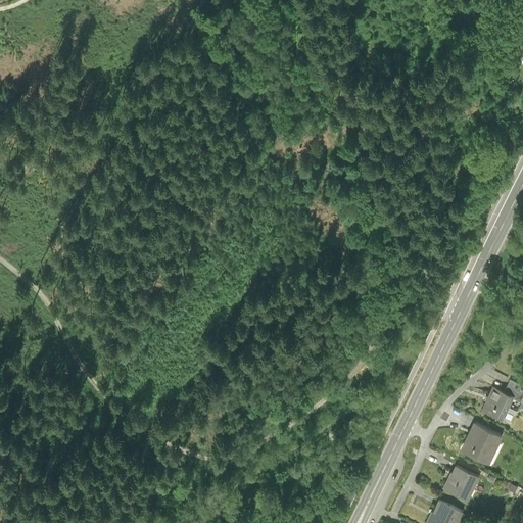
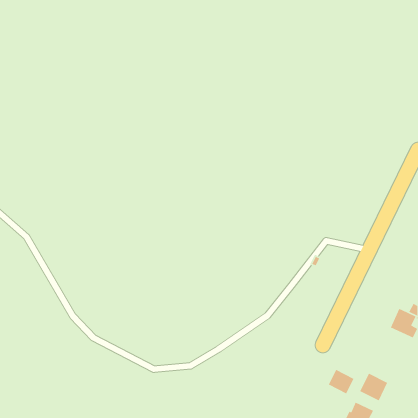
building: [460,423,502,464] -> none
building: none -> [328,369,354,394]

